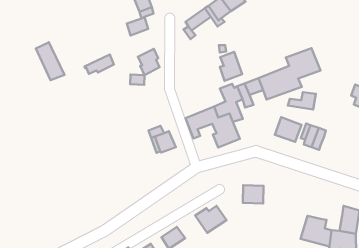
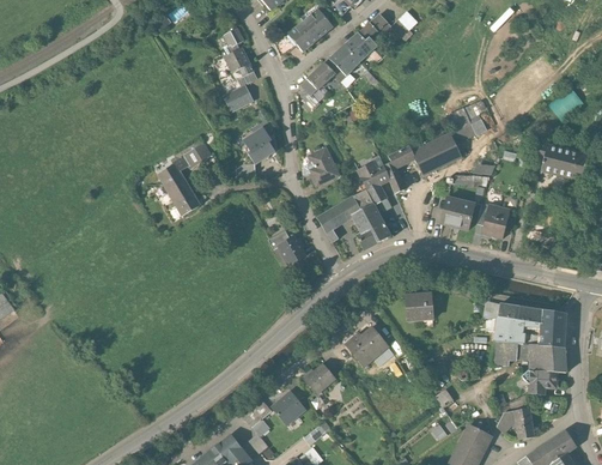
building: [36,42,65,80] -> [157,162,200,213]
building: [220,52,242,81] -> [308,146,340,187]
building: none -> [497,302,543,330]

